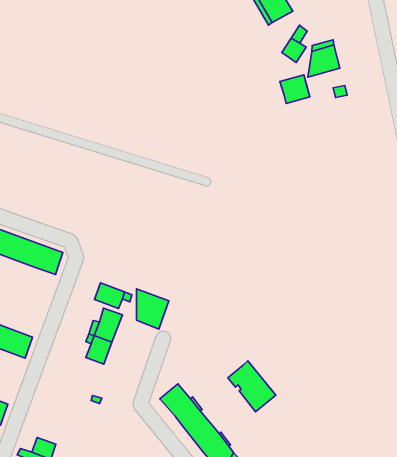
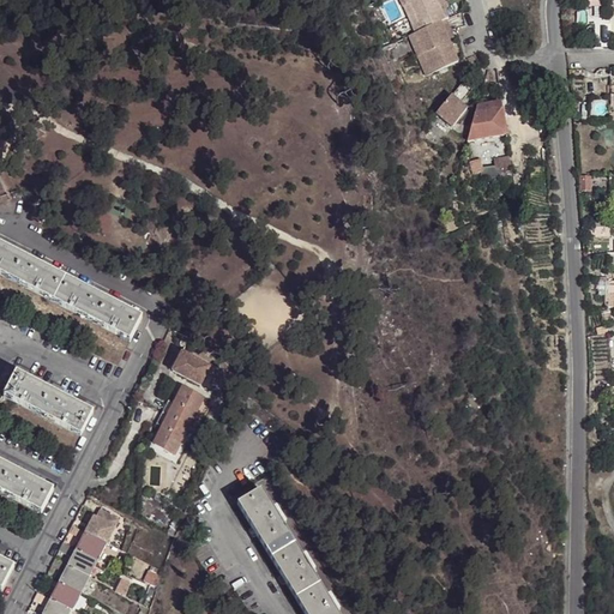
building: [280,75,310,104] -> none
building: [136,289,169,329] -> none
building: [228,361,276,412] -> none
building: none -> [84,508,119,542]

